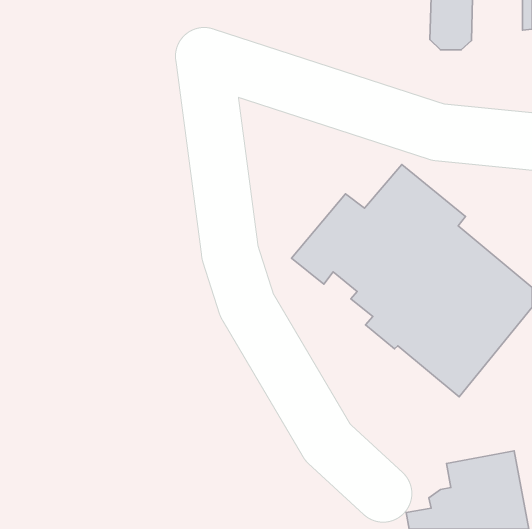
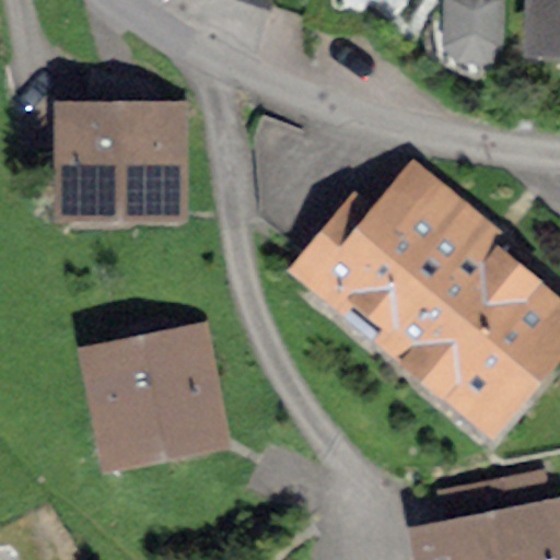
building: none -> [58,105,189,224]
building: none -> [105,342,207,444]

